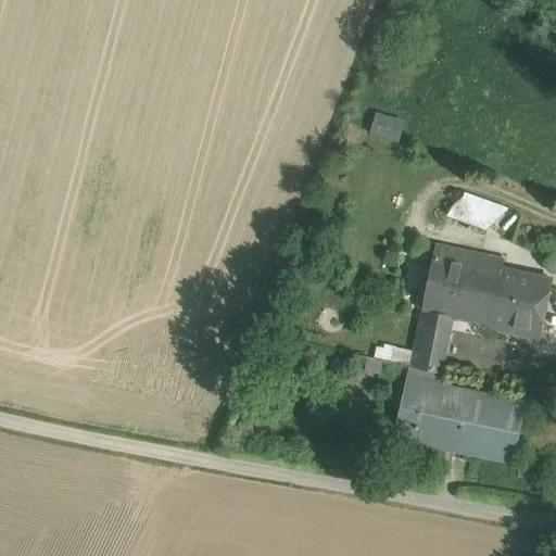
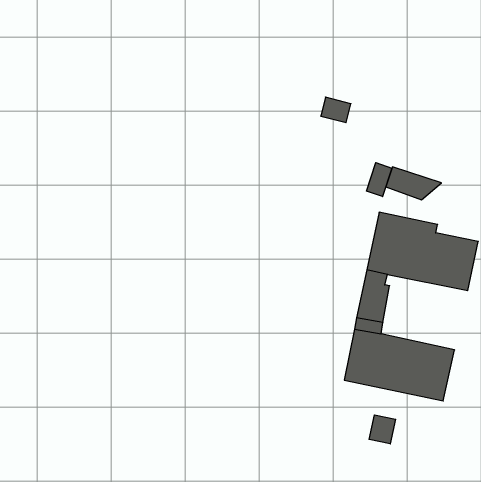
building: none -> [366,163,392,197]
building: none -> [369,415,396,444]

